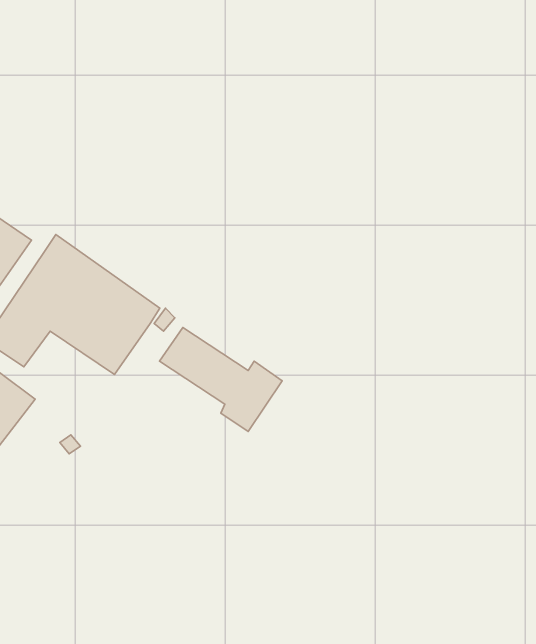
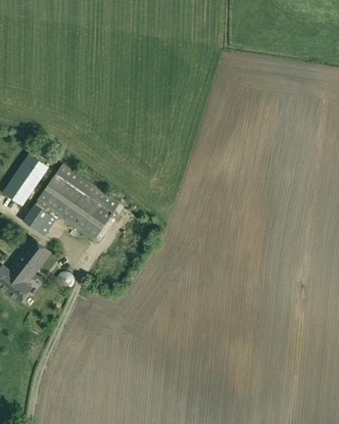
building: [160,327,282,431] -> none

